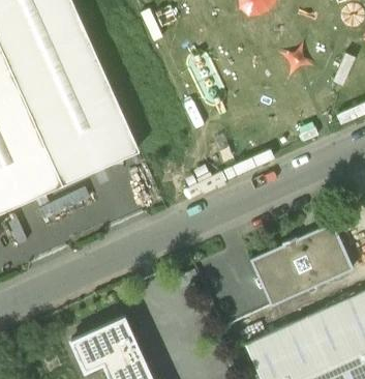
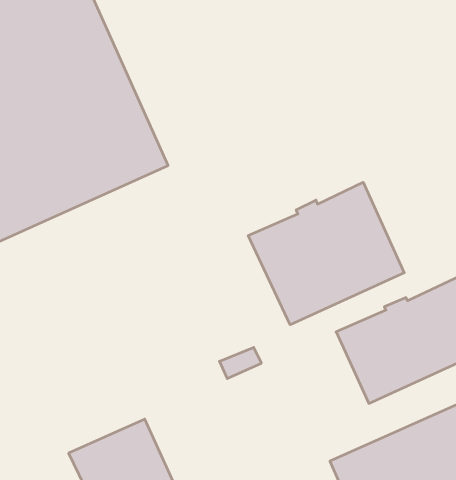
building: none -> [248,182,404,325]

